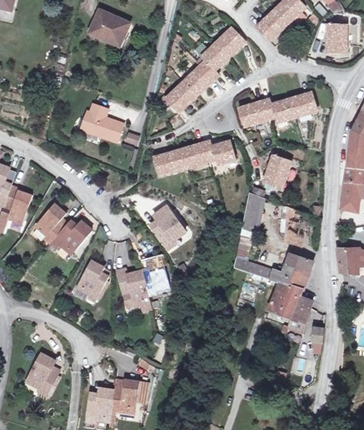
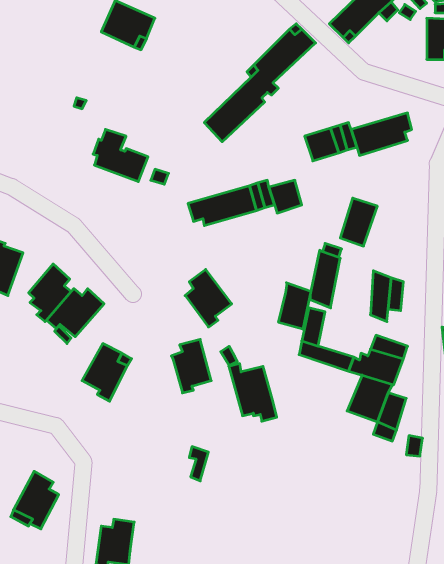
building: none -> [279,283,311,329]
building: [116,269,151,311] -> [229,364,277,421]
building: [110,378,148,412] -> none

